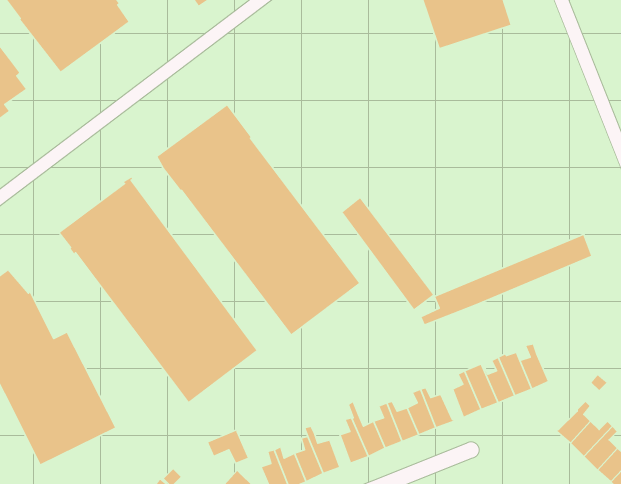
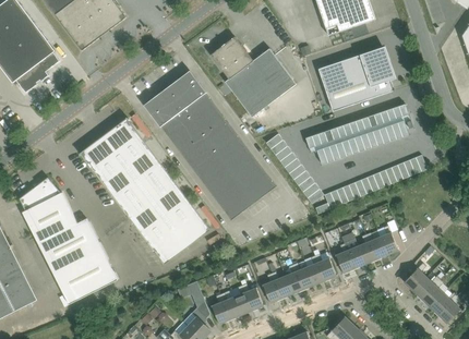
building: none -> [211,38,296,117]
building: none -> [317,47,394,111]
building: none -> [305,104,410,165]

